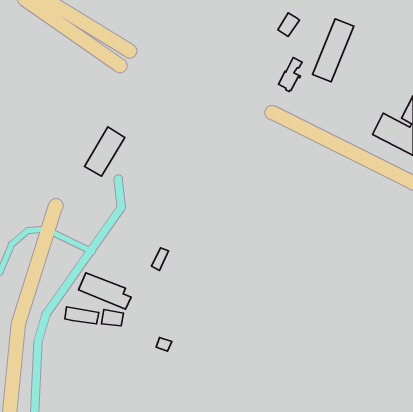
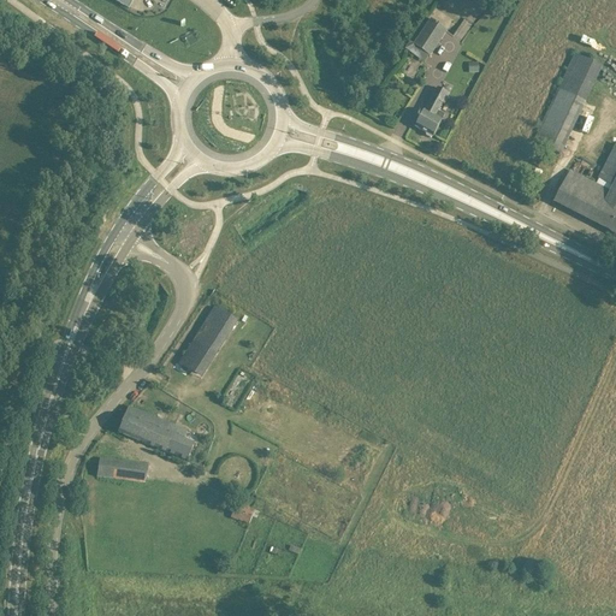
building: [313,19,354,82] -> [540,51,602,144]
building: [84,127,125,176] -> [178,302,238,375]
building: [102,310,123,326] -> none

